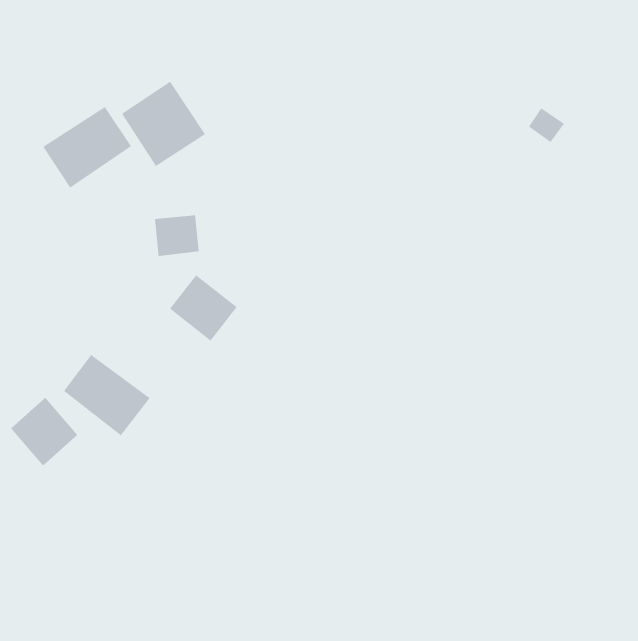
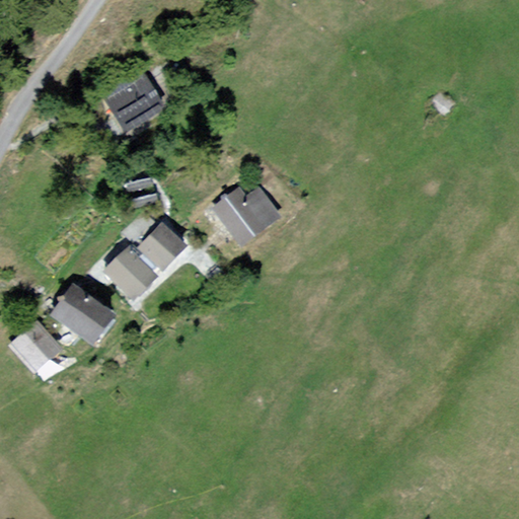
building: [42,106,132,188] -> none
building: none -> [208,183,285,250]
building: none -> [100,244,158,302]

